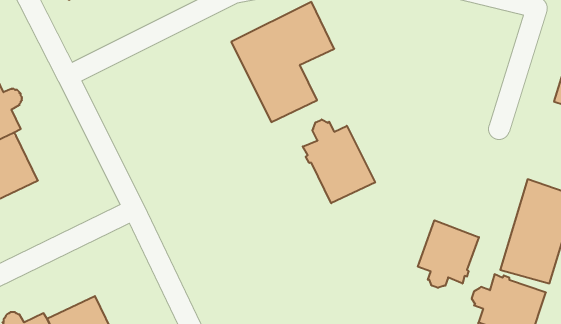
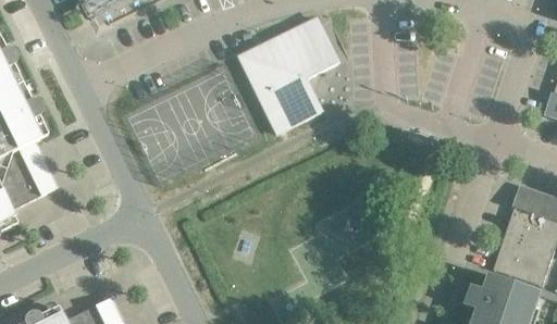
building: [303,119,375,203] -> none
building: [418,220,479,288] -> none

